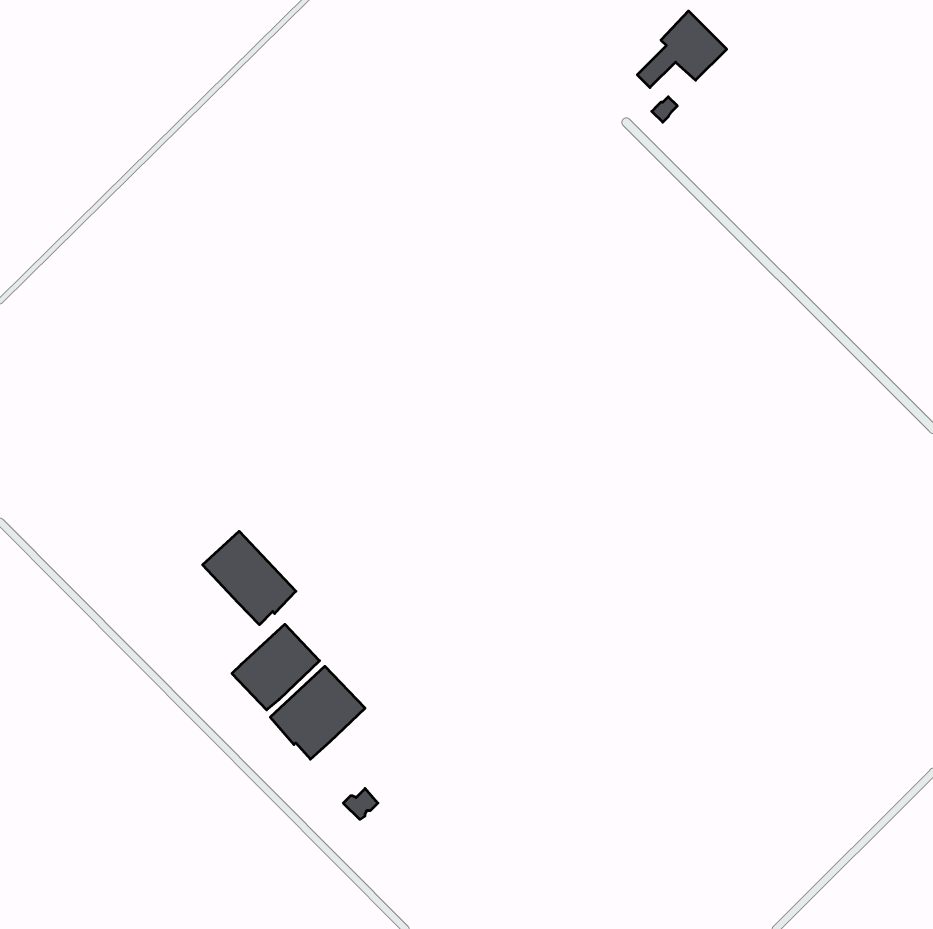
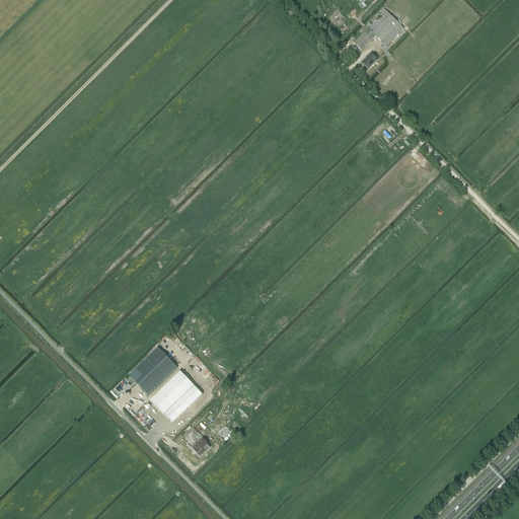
building: [203,531,296,625] -> none

